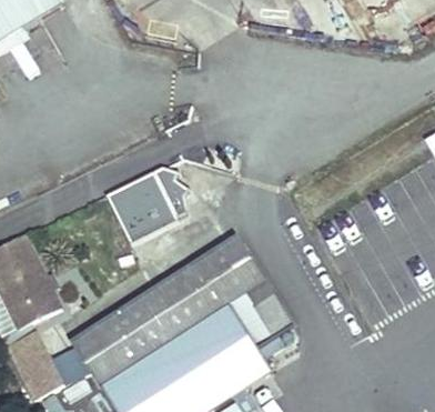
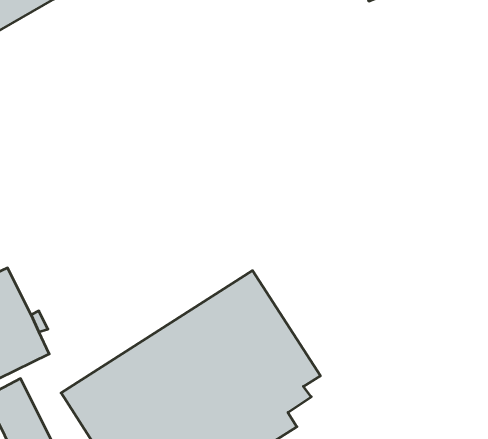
building: [102,160,192,240] -> none

